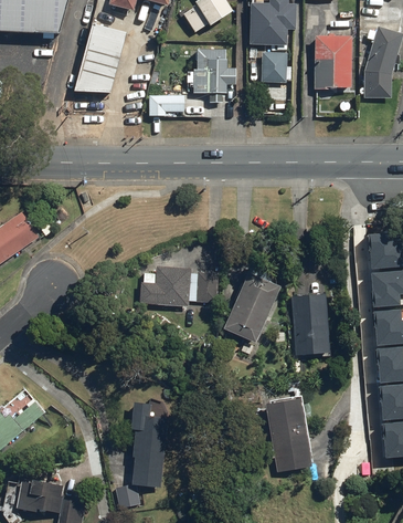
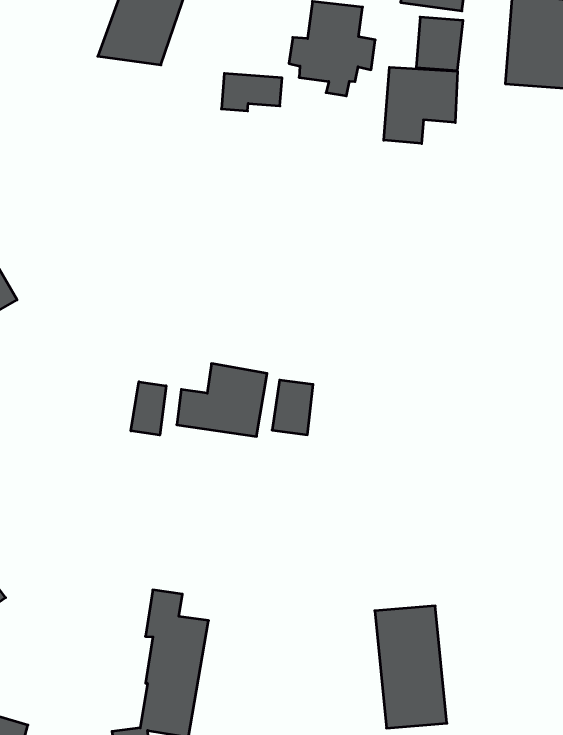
building: none -> [384,67,457,144]
building: [221,272,278,343] -> none
building: none -> [131,382,166,435]
building: [289,293,329,355] -> none

